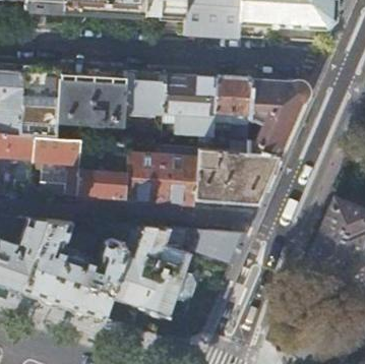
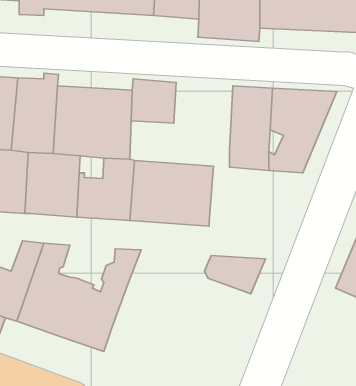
building: [164,74,217,135] -> none
building: [195,149,280,203] -> none
building: [108,226,195,316] -> none

